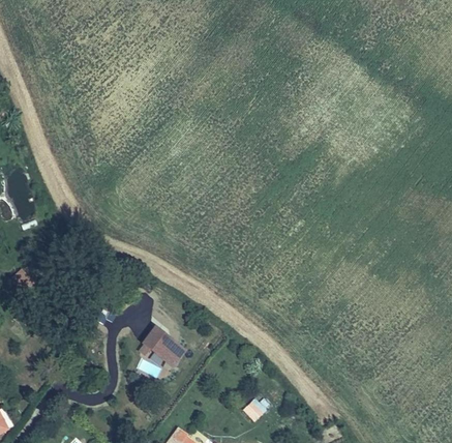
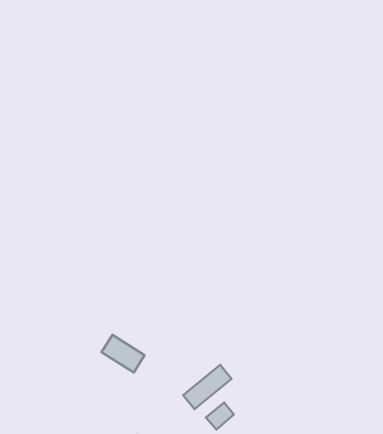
building: none -> [183,365,232,409]

